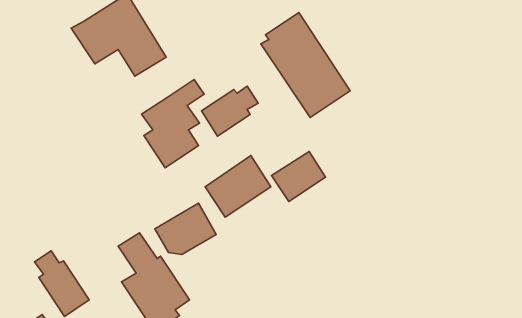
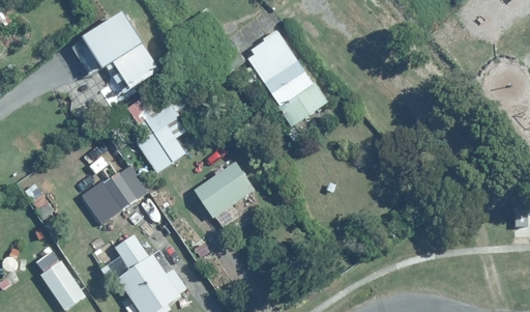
building: [201,86,258,136] -> none
building: [271,152,326,201] -> none
building: [155,203,216,255] -> [82,170,139,218]

